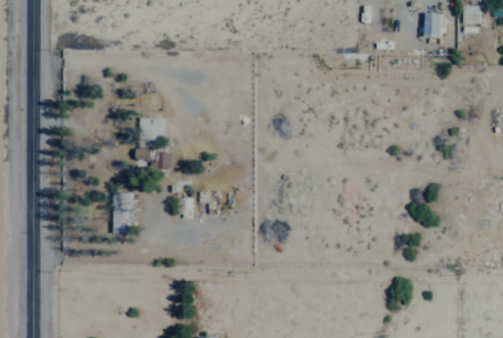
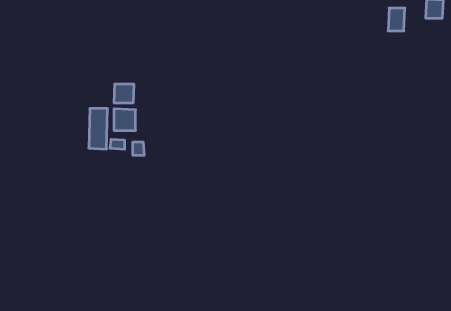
building: none -> [114,84,134,103]
building: [112,192,132,234] -> [89,109,108,149]

